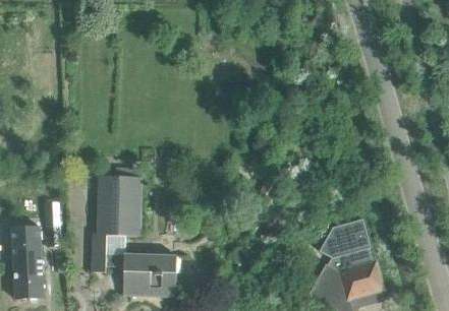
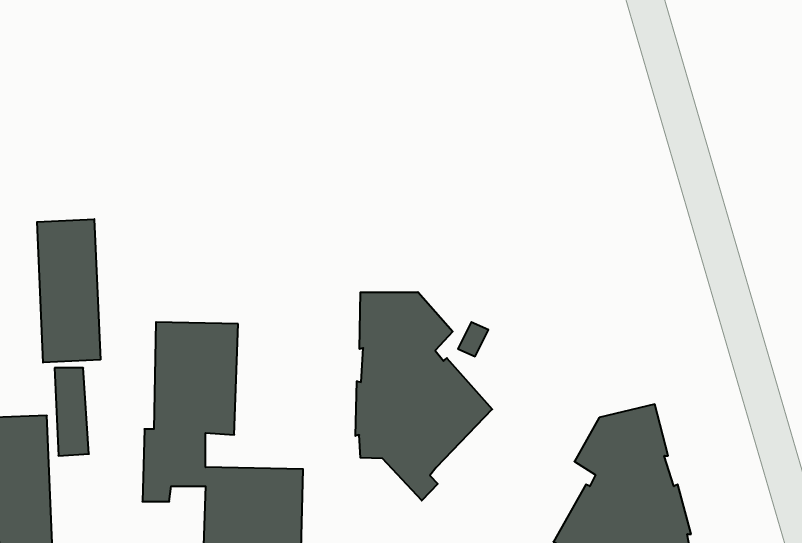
building: none -> [37,219,100,363]
building: none -> [355,292,492,501]

